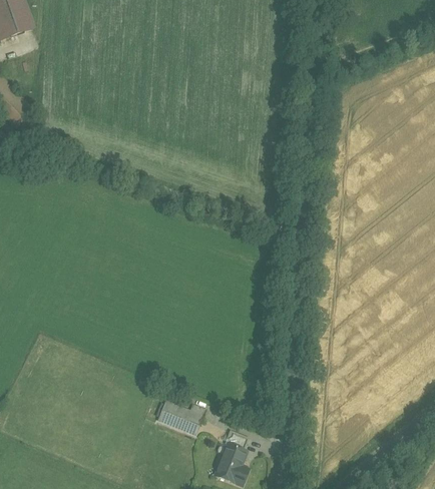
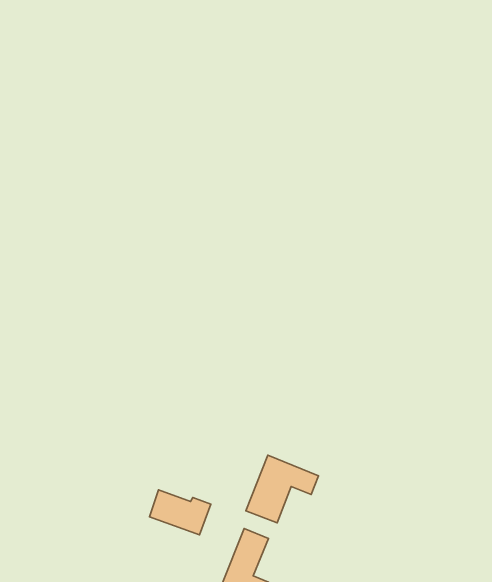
building: none -> [246,455,318,523]

